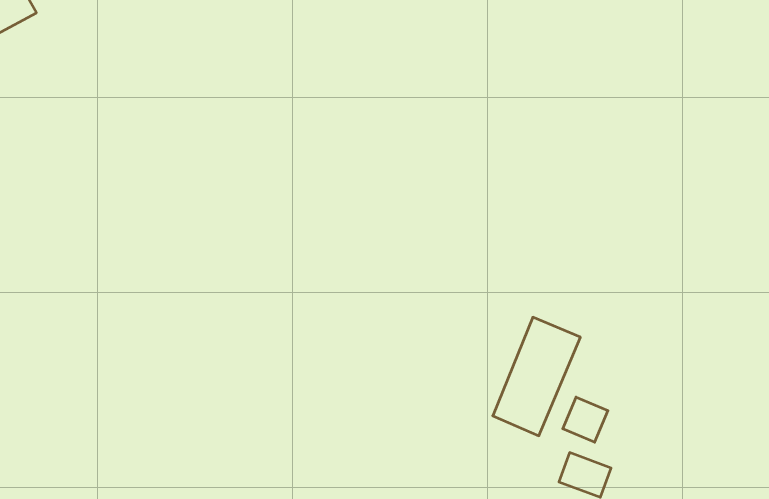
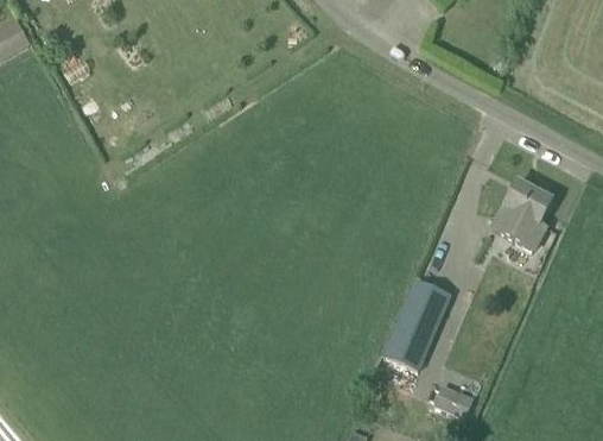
building: none -> [491,179,551,250]
building: [563,397,608,442] -> none

